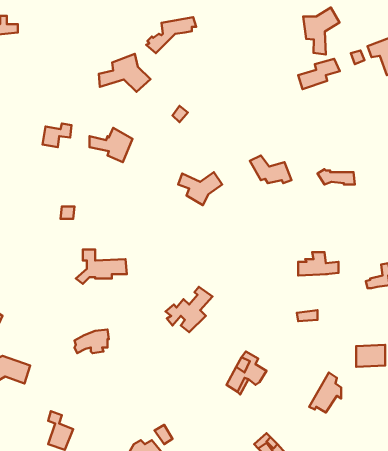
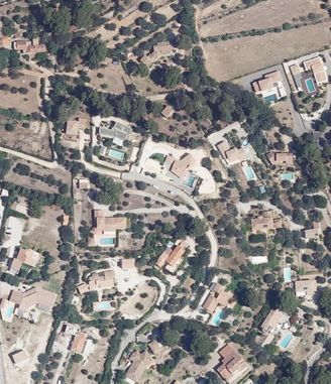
building: [303,7,339,54] -> none
building: [99,54,151,92] -> none

